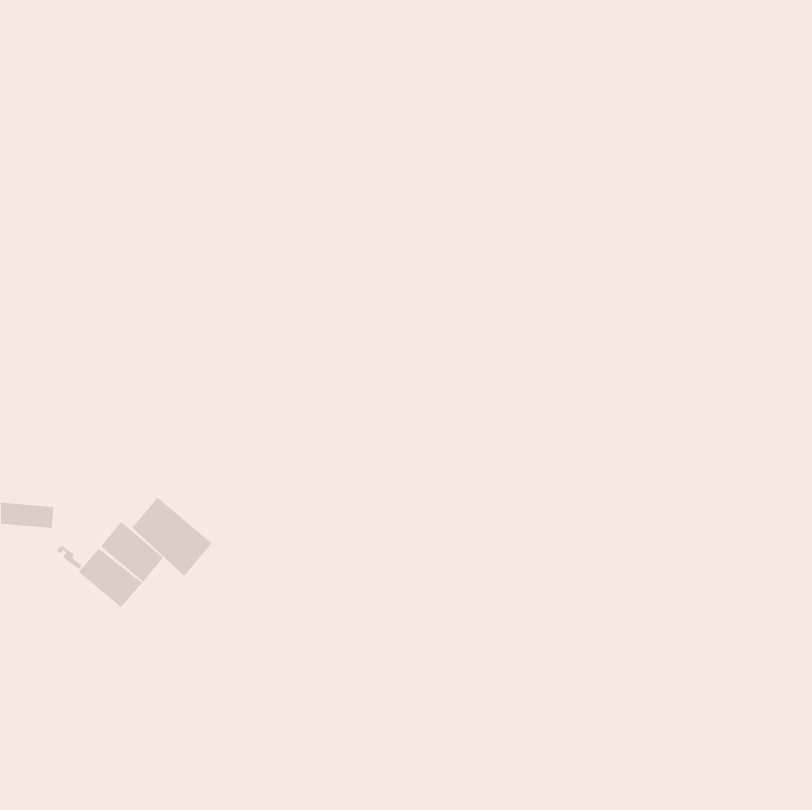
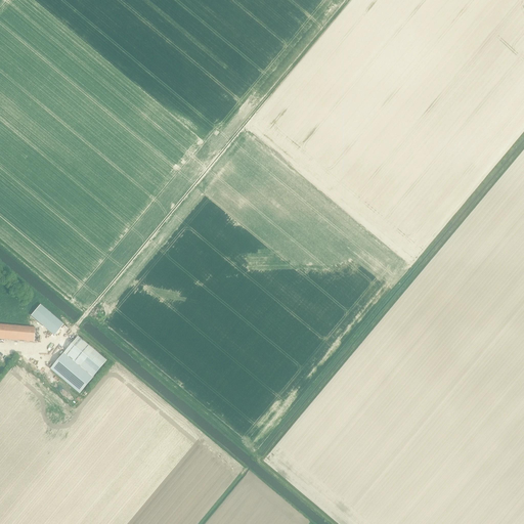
building: none -> [31,304,63,336]
building: [131,496,212,577] -> none

